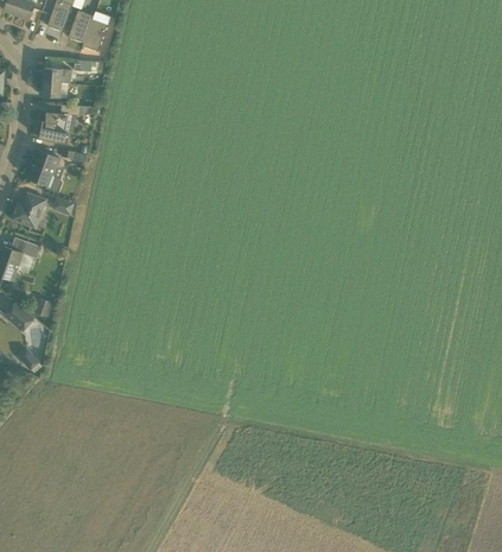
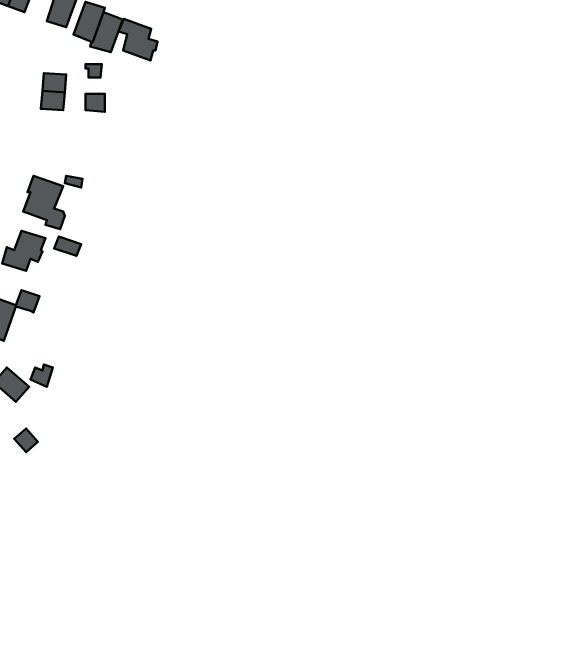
building: none -> [118,19,157,61]
building: [38,103,78,142] -> none

